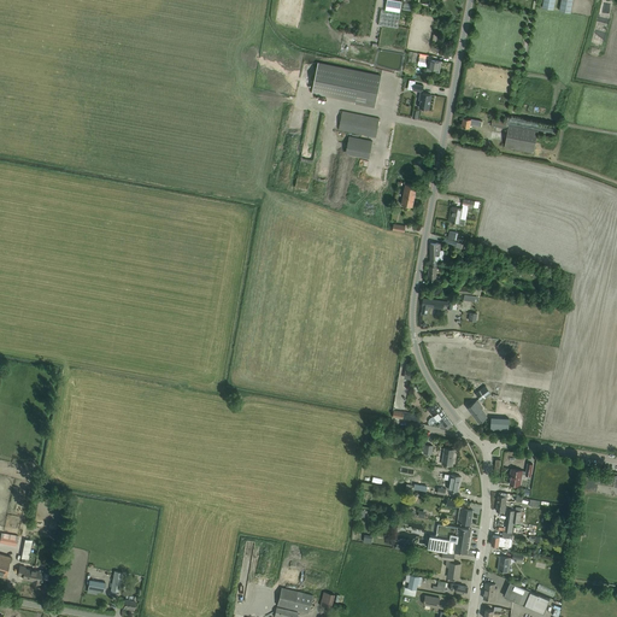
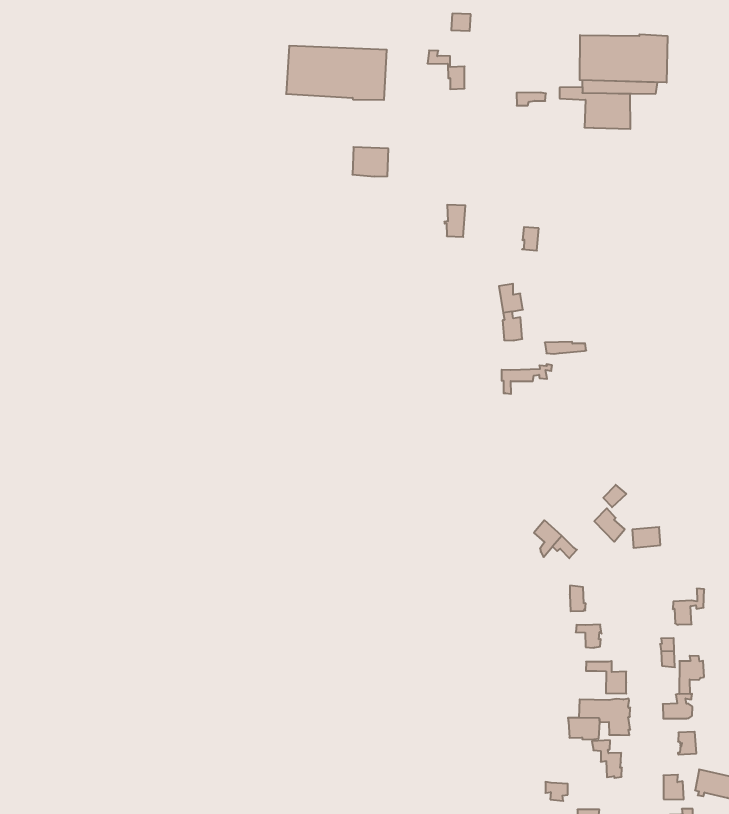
building: none -> [580,34,667,83]
building: [339,111,380,139] -> none

